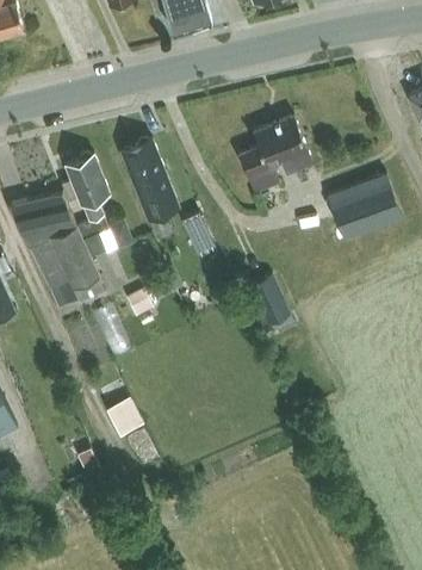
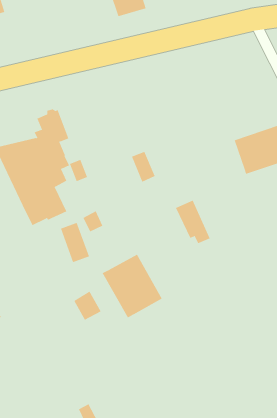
building: [238,116,314,194] -> none
building: [120,140,178,240] -> none
building: none -> [102,254,163,318]

